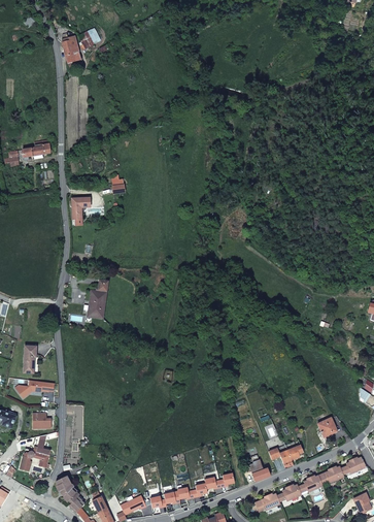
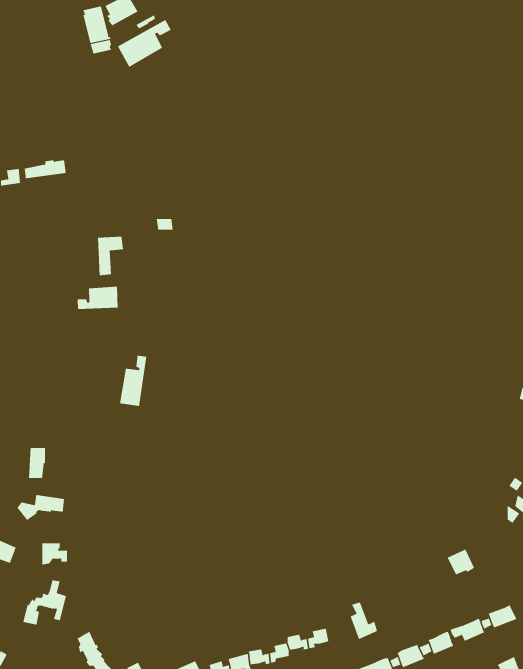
building: none -> [117,19,171,68]
building: none -> [77,286,118,310]
building: [268,442,303,467] -> none

